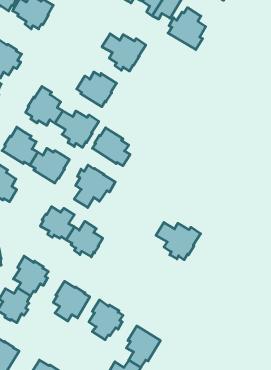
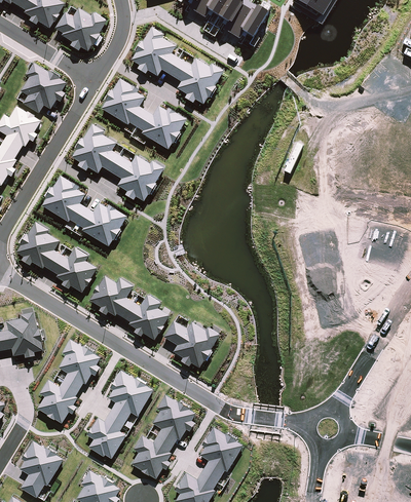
building: [168,8,206,50] -> none
building: none -> [130,28,178,76]
building: none -> [101,79,146,127]
building: [92,128,130,166] -> none
building: [74,165,115,208] -> none
building: none -> [50,247,97,293]
building: [156,222,201,260] -> [162,320,219,368]
building: none -> [85,411,124,458]
building: none -> [129,434,172,478]

